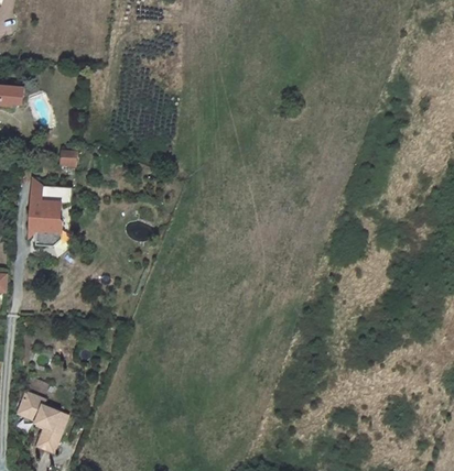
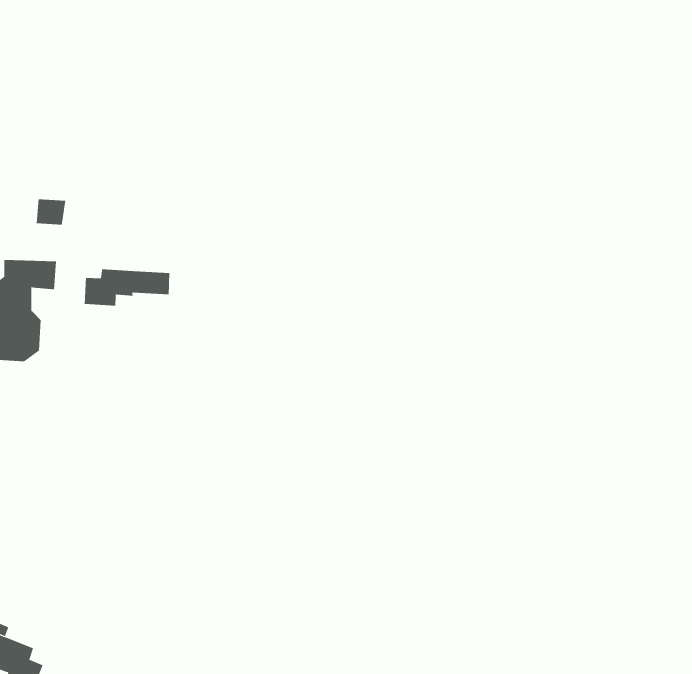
building: none -> [84,269,170,306]

